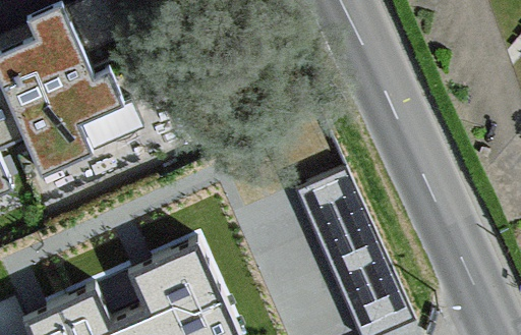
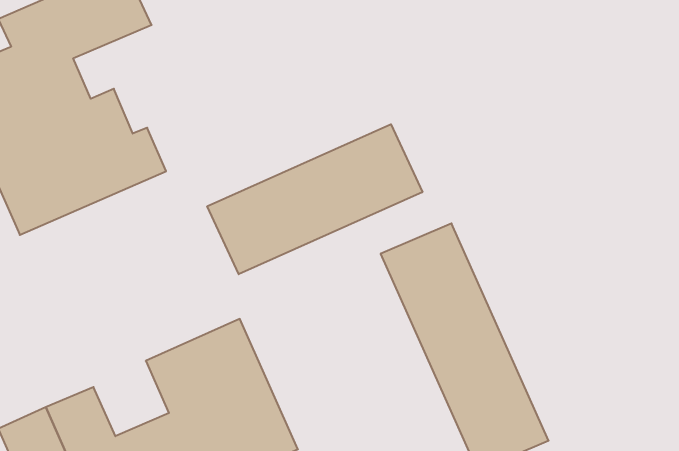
building: none -> [207,124,422,274]

